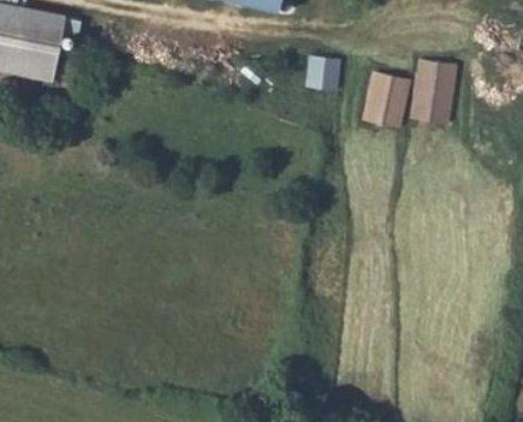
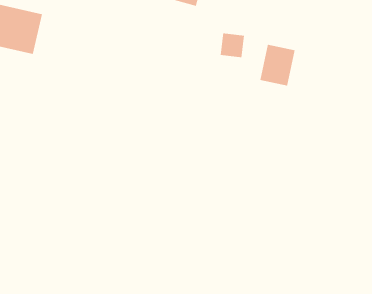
building: [412,57,458,121] -> none

